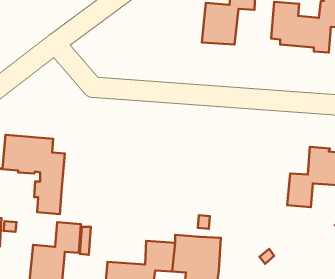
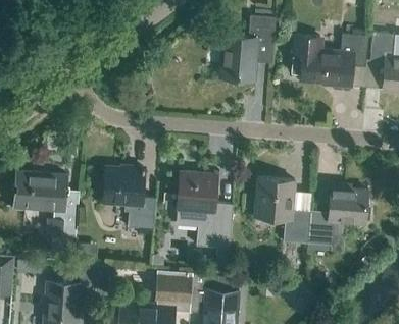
building: none -> [104,168,157,230]
building: none -> [178,172,234,250]
building: none -> [255,178,311,245]

